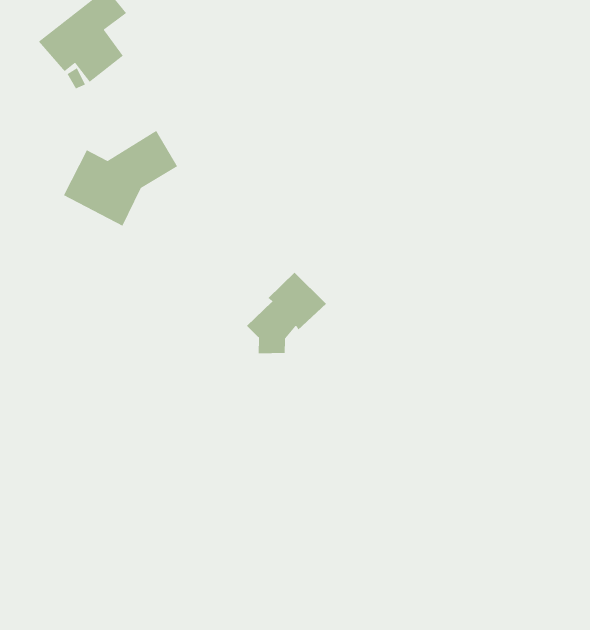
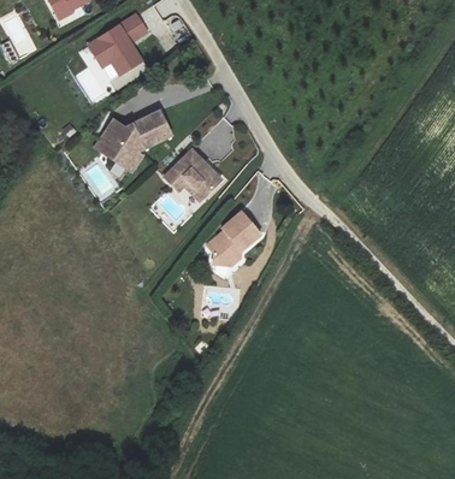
building: none -> [165,147,221,197]

